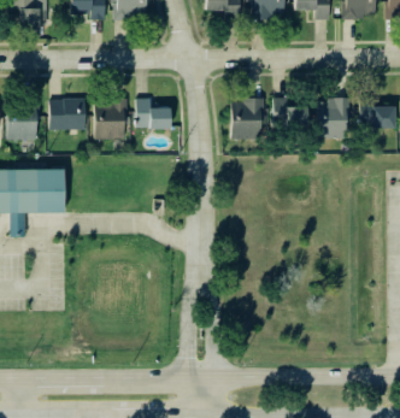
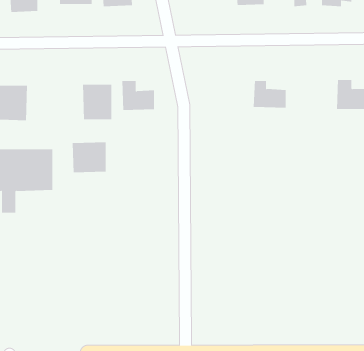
building: [49,98,86,130] -> [72,142,106,173]
building: [316,99,347,139] -> none
building: [231,100,265,139] -> none

